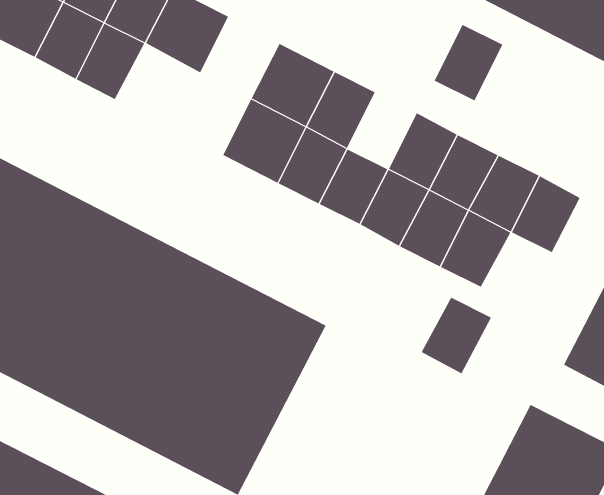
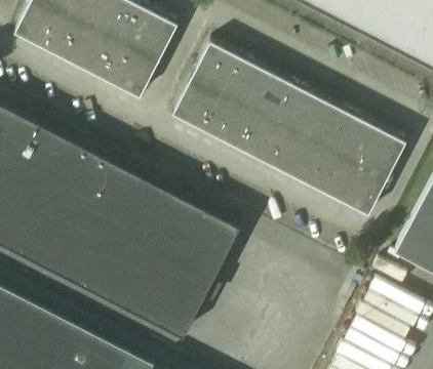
building: [434,24,503,101] -> [254,75,300,125]
building: none -> [104,43,159,98]
building: [421,297,492,374] -> [342,166,388,216]

